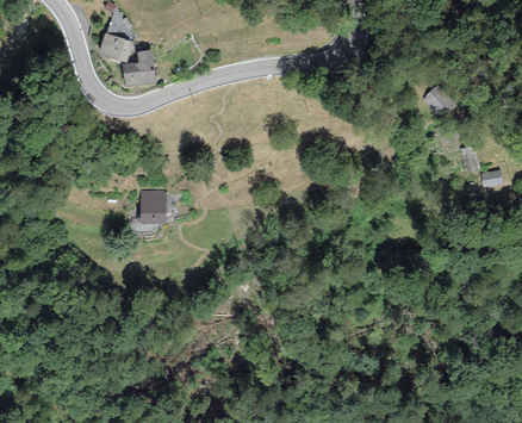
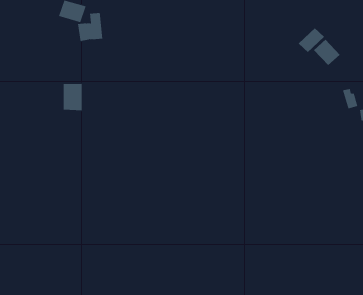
building: none -> [298,27,325,53]
building: [141,189,166,224] -> [63,84,83,111]

